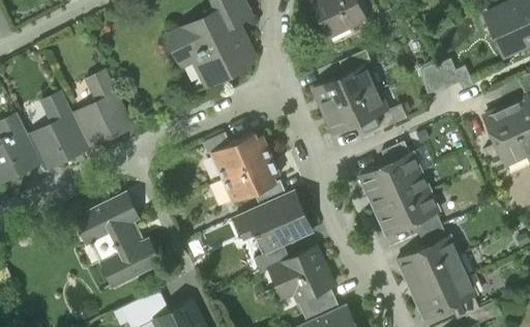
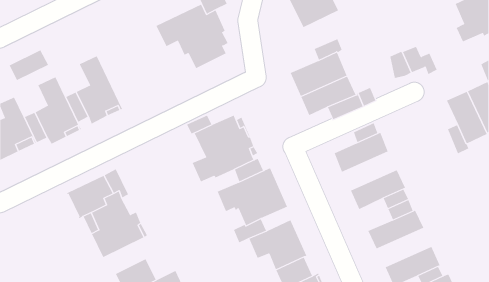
building: none -> [9,49,49,81]
building: [370,173,430,215] -> none
building: [407,256,467,298] -> none

